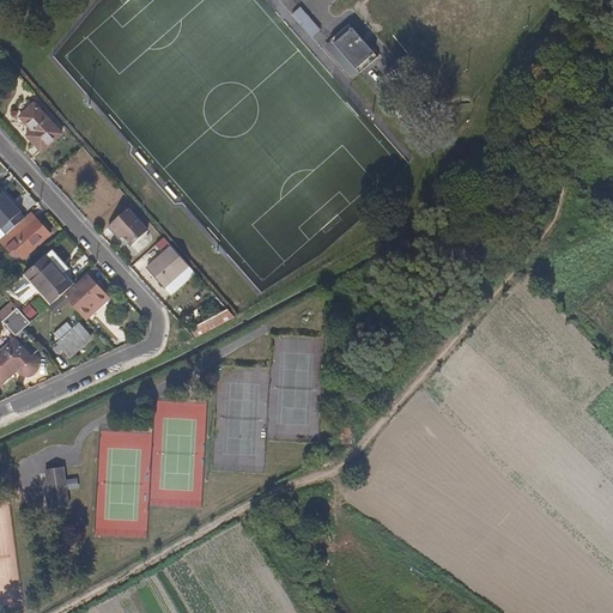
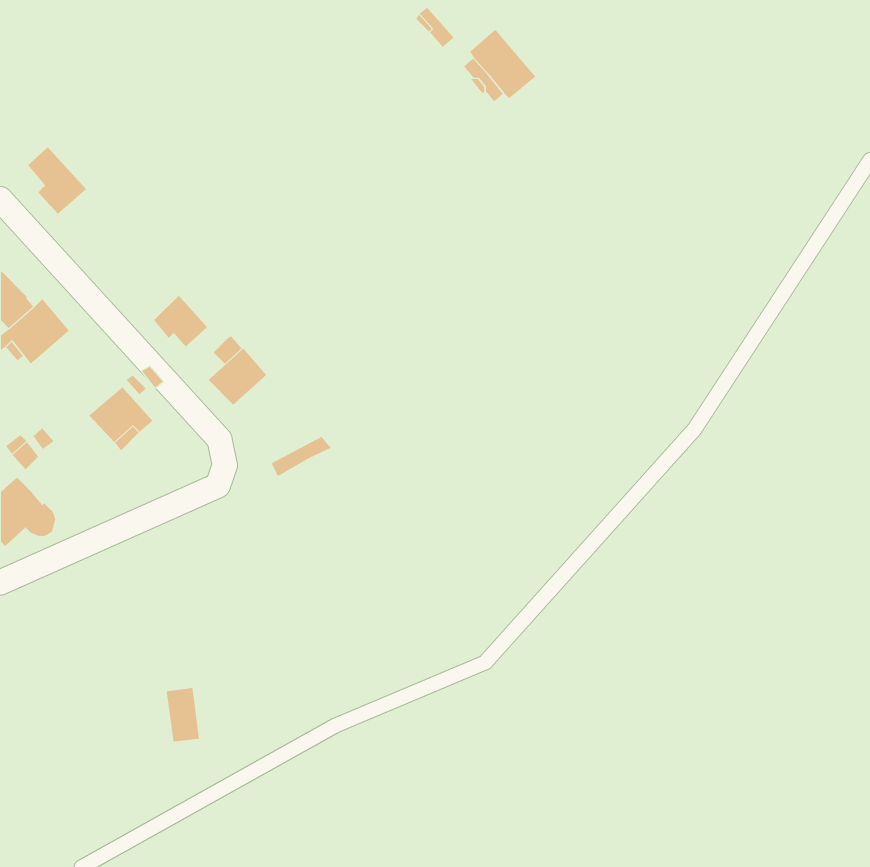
building: [24,254,71,301] -> none
building: [53,321,91,354] -> none
building: [47,469,71,508] -> [166,688,200,742]

